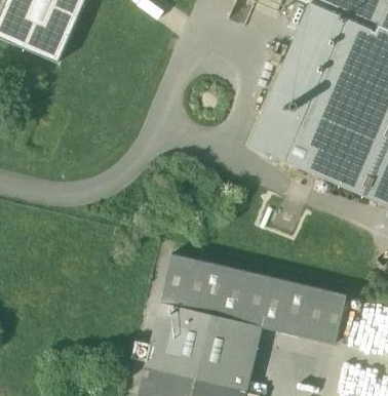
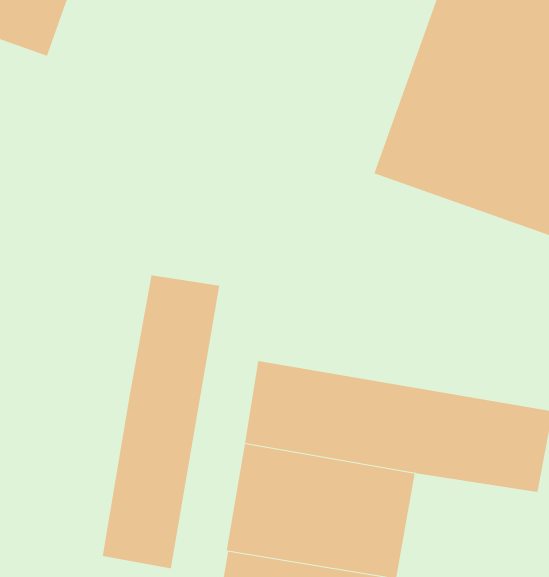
building: none -> [102,275,220,569]

